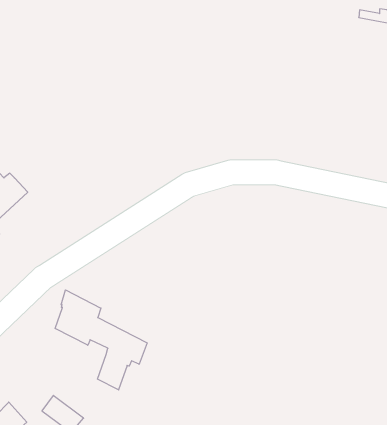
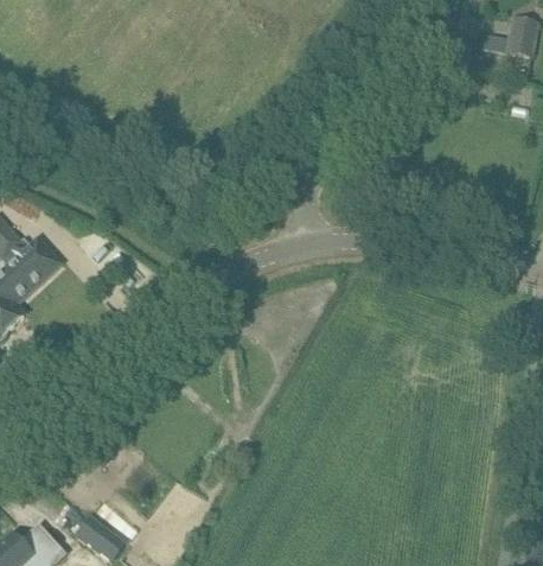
building: [55,290,147,390] -> none

